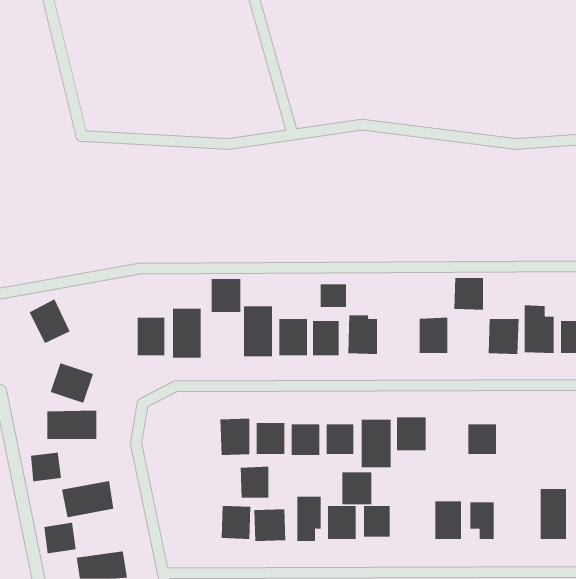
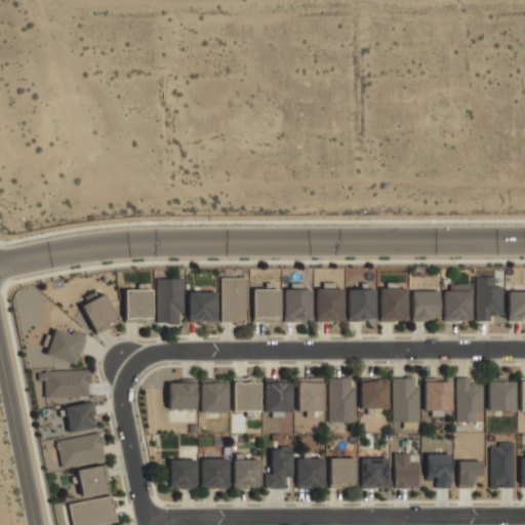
building: [453,277,484,310] -> [412,290,440,320]
building: [211,279,241,313] -> [190,292,217,323]
building: [320,284,346,308] -> none
building: [29,299,71,344] -> [82,293,120,334]
building: none -> [349,287,376,320]
building: none -> [392,379,419,425]
building: none -> [456,380,484,422]
building: none -> [488,381,516,410]
building: none -> [169,385,196,410]
building: [30,452,62,482] -> [68,405,96,432]
building: [240,466,269,498] -> [170,458,197,487]
building: [342,472,372,505] -> [362,457,390,487]
building: none -> [458,460,483,488]
building: [44,522,76,554] -> [79,468,109,496]

